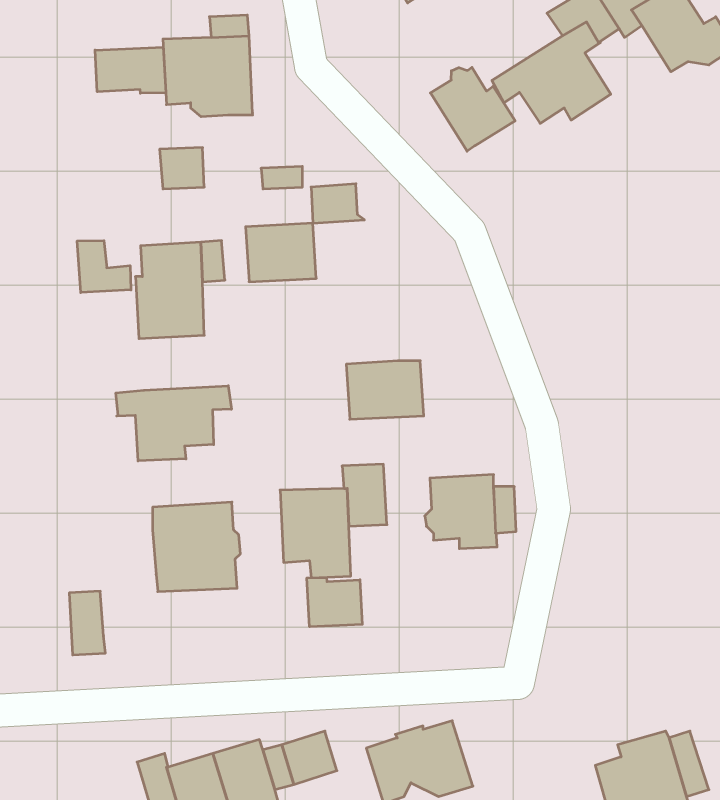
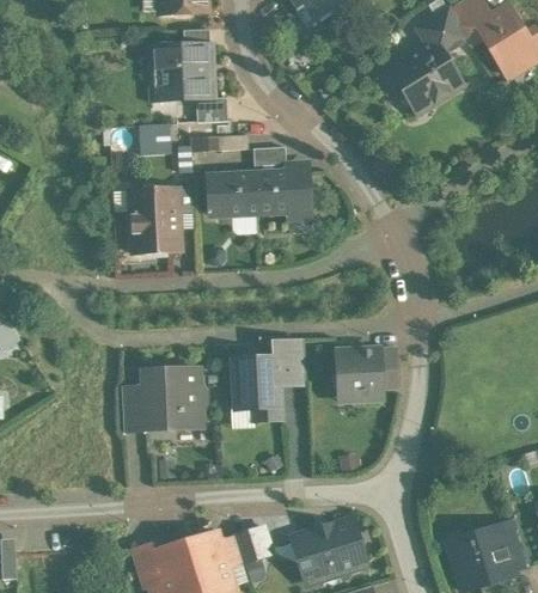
building: [95,47,166,93] -> none
building: [430,67,515,151] -> none
building: none -> [195,98,227,123]
building: [77,241,131,293] -> none
building: [346,361,424,419] -> [253,172,307,213]
building: [116,386,231,461] -> none
building: [307,578,362,627] -> none
building: [69,591,105,655] -> [121,387,146,432]

